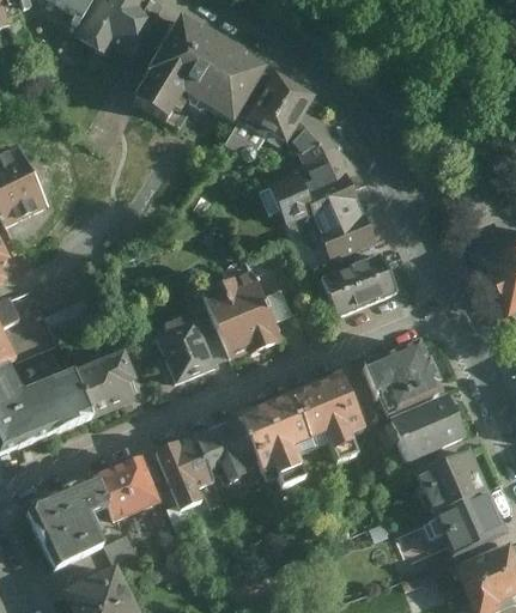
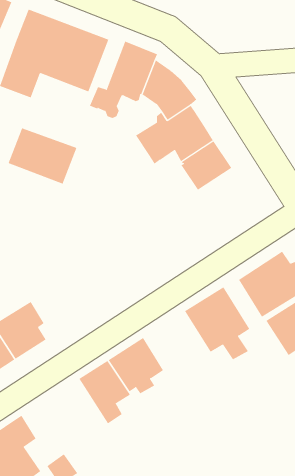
building: none -> [8,128,77,184]
building: [317,250,399,316] -> none
building: [199,266,292,358] -> none
building: [150,316,213,383] -> none
building: [242,393,315,484] -> none
building: [87,459,156,523] -> none

